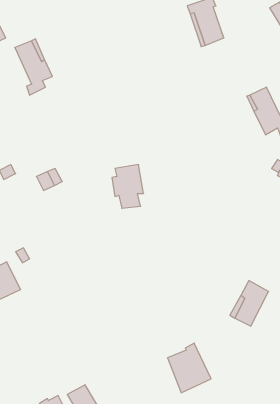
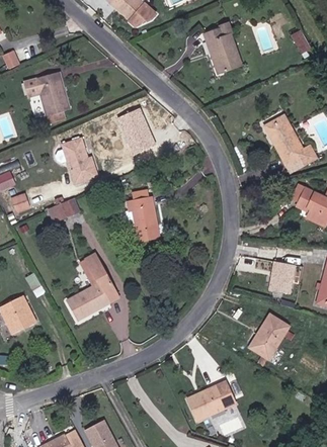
building: none -> [112,106,157,154]
building: none -> [60,138,98,184]
building: none -> [64,255,115,320]
building: none -> [267,261,294,292]

